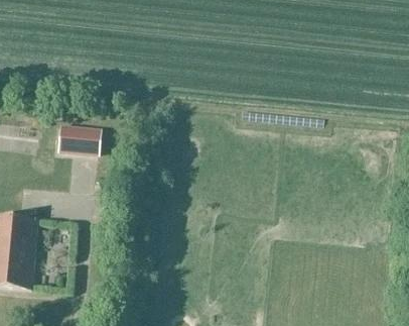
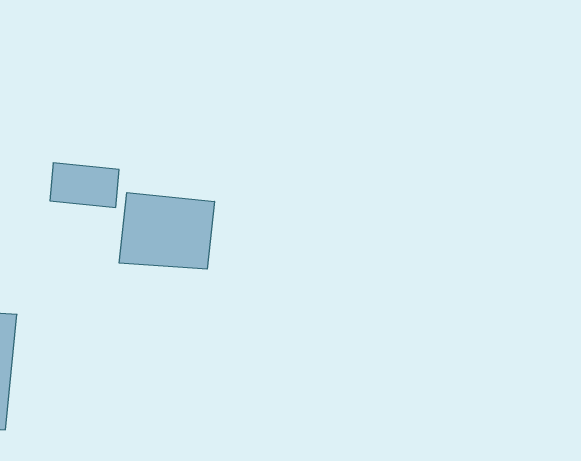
building: none -> [119,193,214,269]

